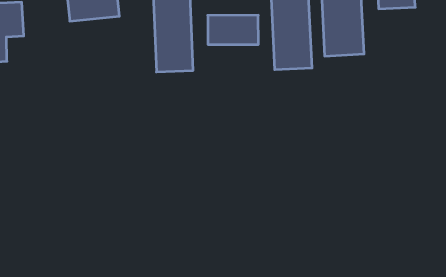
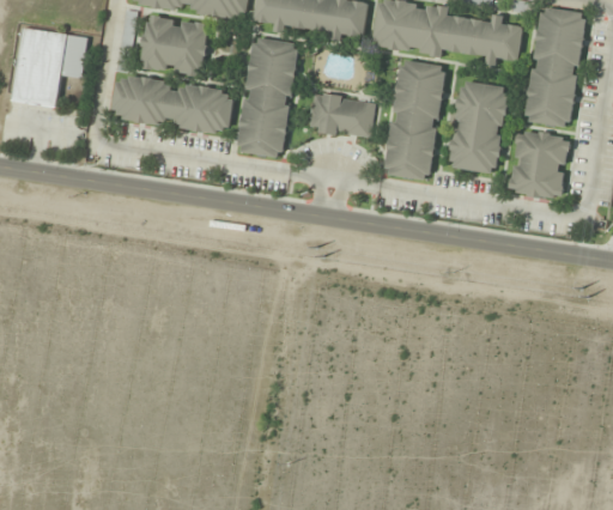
building: none -> [509,128,569,199]
building: none -> [111,74,233,130]

